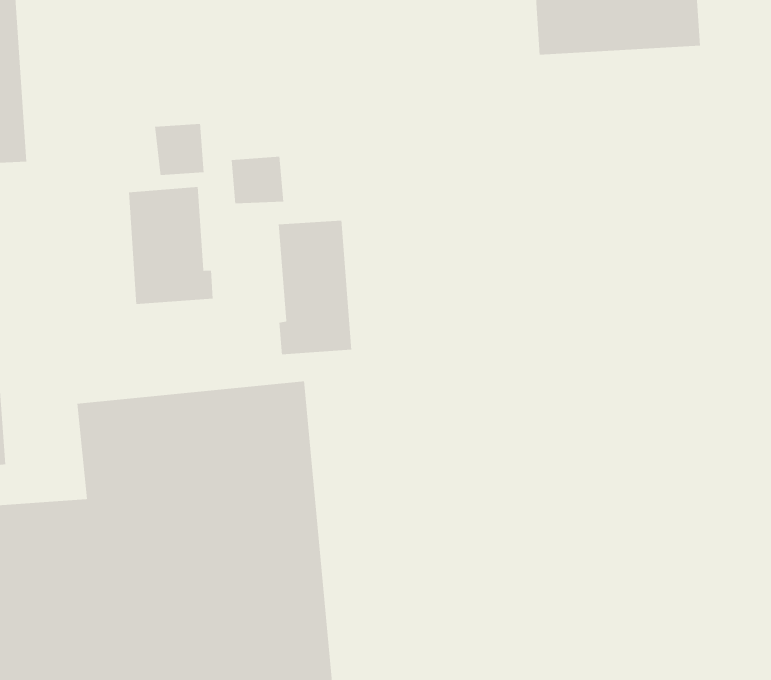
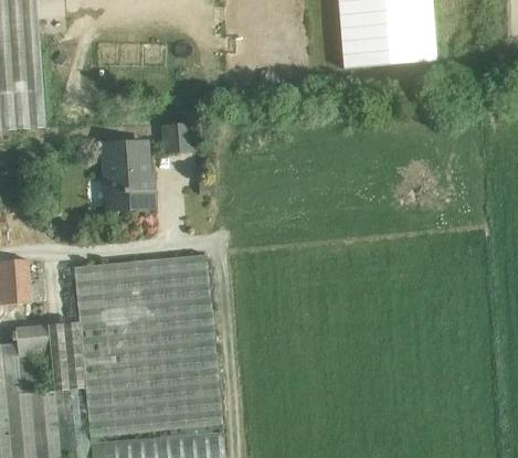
building: [155,123,204,176] -> none
building: [278,220,352,355] -> none

